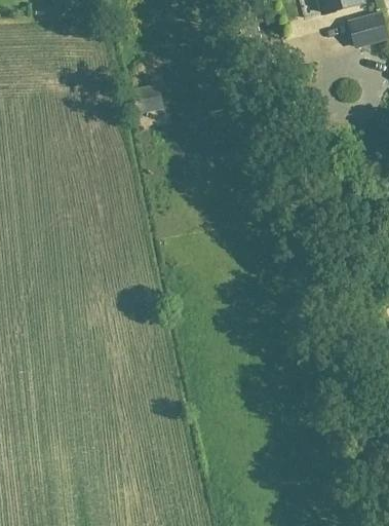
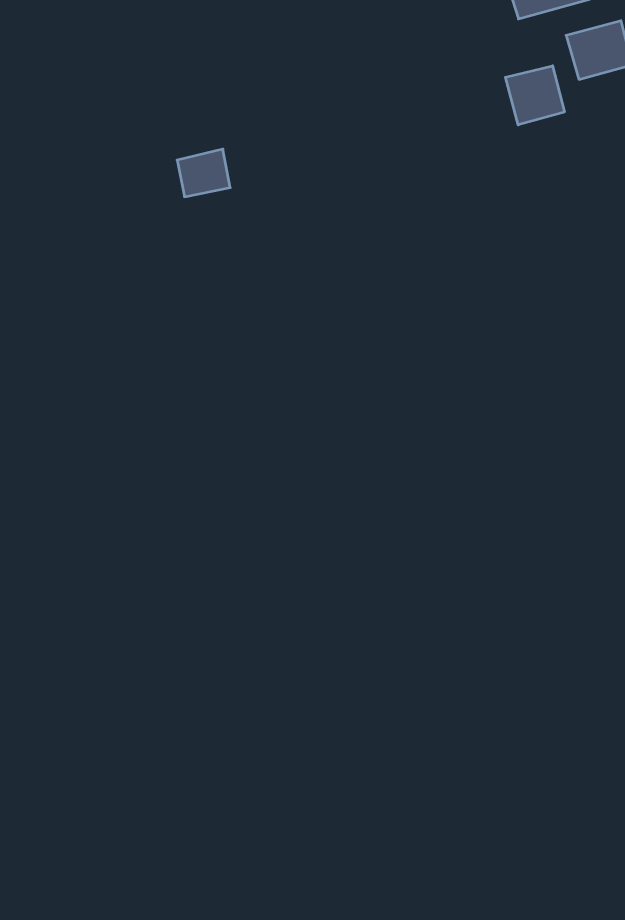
building: none -> [505,66,564,125]

